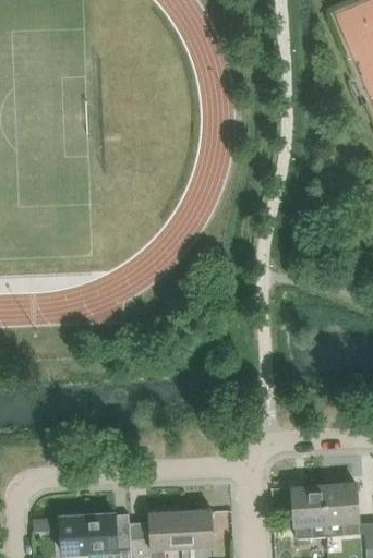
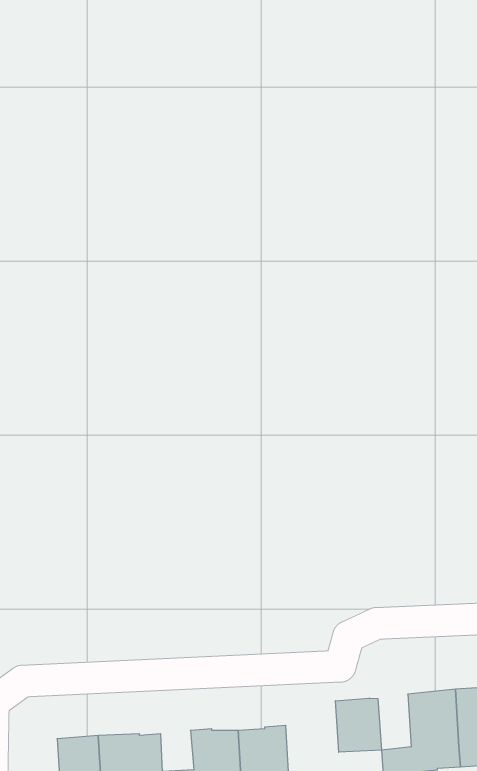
building: none -> [335,698,381,752]

